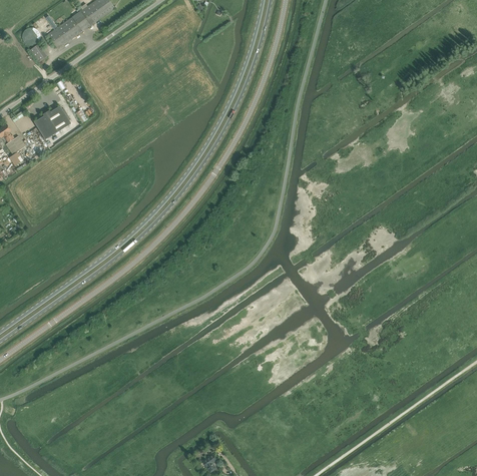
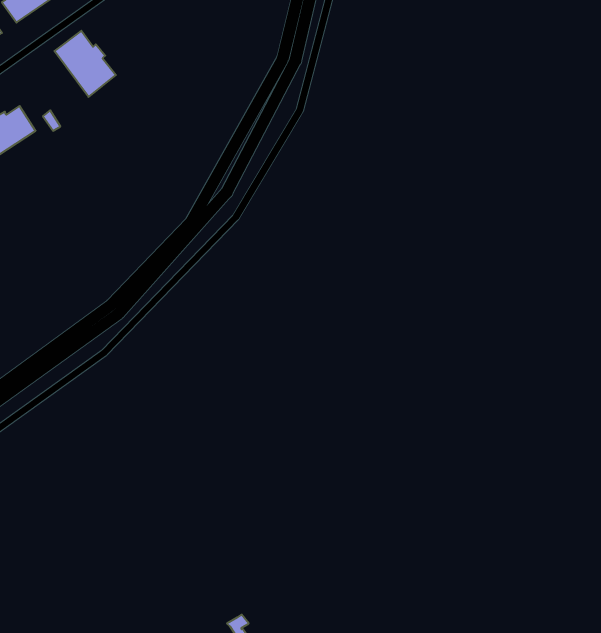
building: none -> [54,31,116,97]

